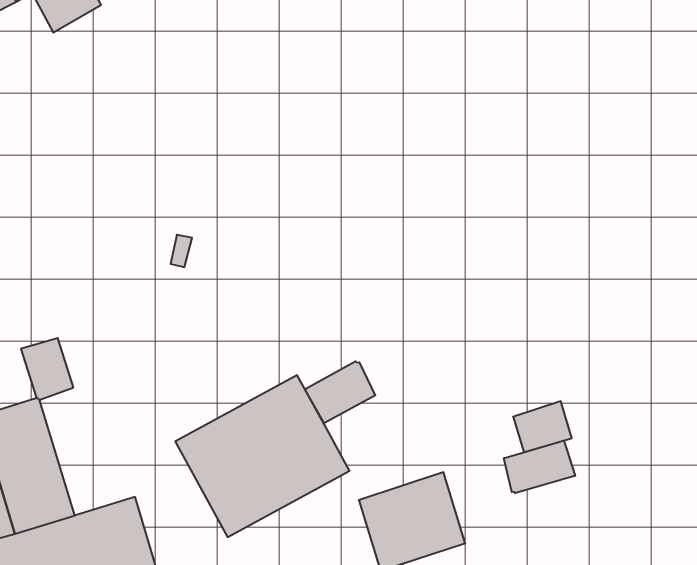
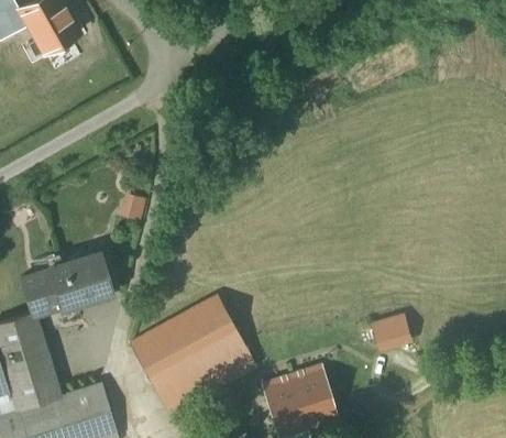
building: none -> [47,252,113,309]
building: [305,361,375,423] -> none
building: [504,441,575,493] -> none

